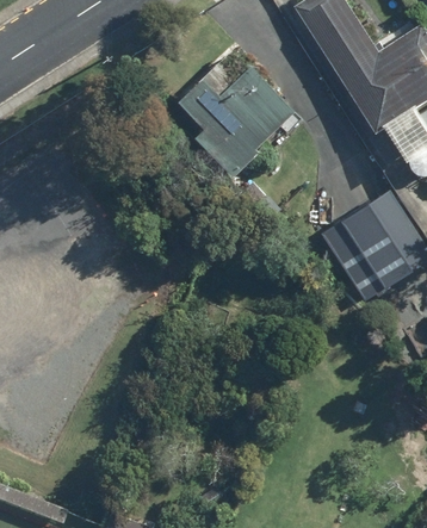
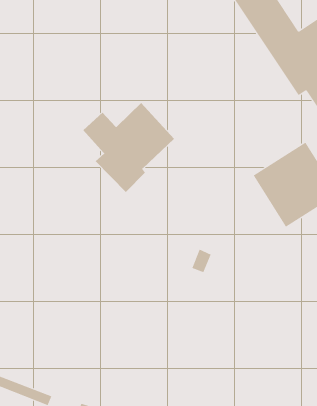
building: [179,67,293,179] -> [82,102,175,193]

